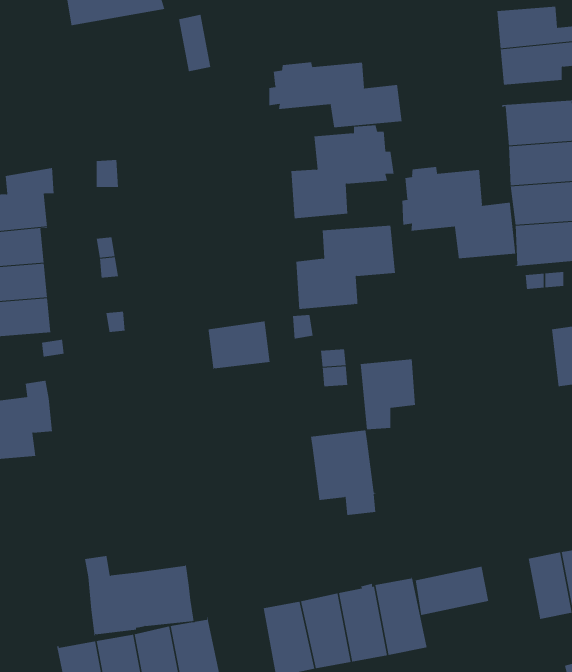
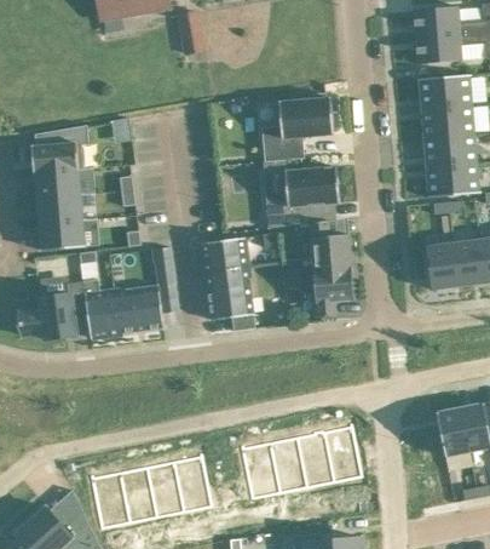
building: [269,61,402,128] -> none
building: [402,166,516,259] -> none
building: none -> [309,221,354,269]
building: none -> [425,244,457,290]
building: [310,430,376,515] -> [206,268,254,331]
building: [84,556,195,636] -> [82,279,163,338]
building: [415,566,489,616] -> none

